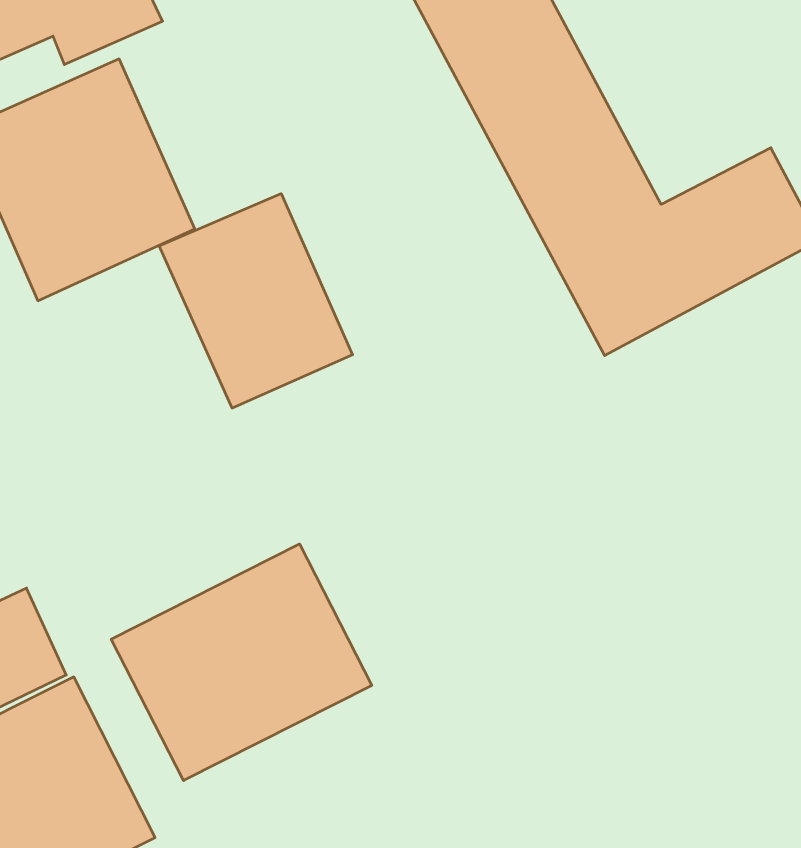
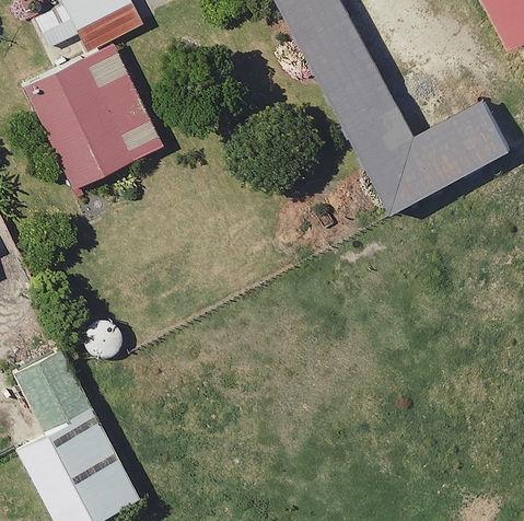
building: [159,194,353,408] -> none
building: [111,544,372,781] -> none

